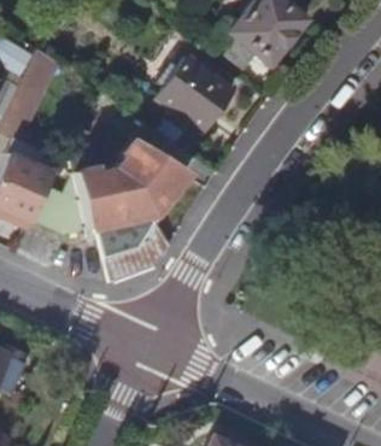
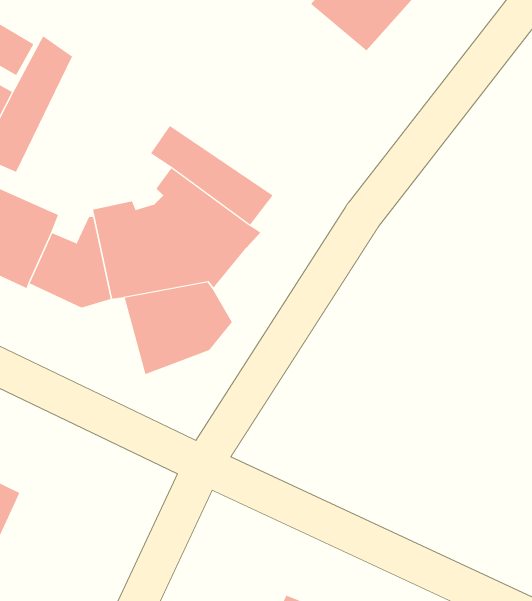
building: [162,55,238,129] -> none

